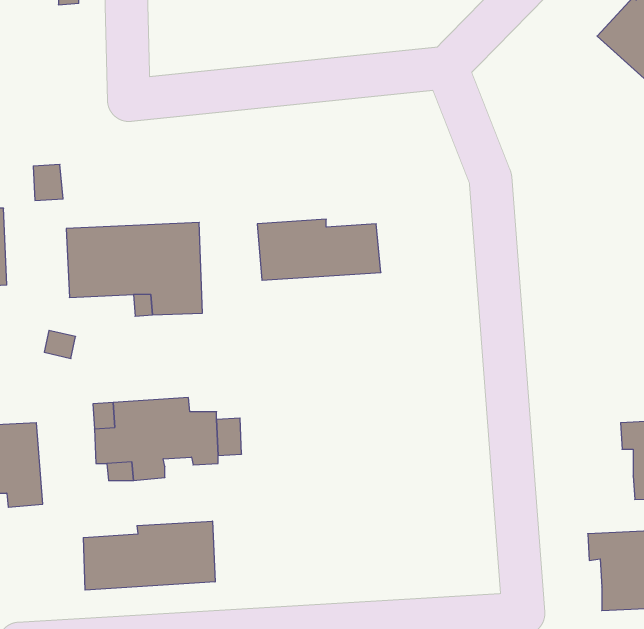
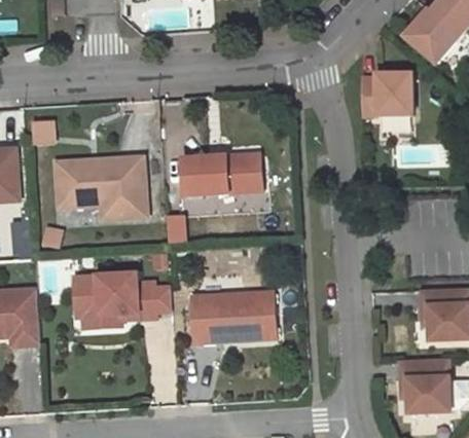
building: none -> [361,72,411,114]
building: none -> [191,291,276,342]
building: [83,521,215,590] -> none

